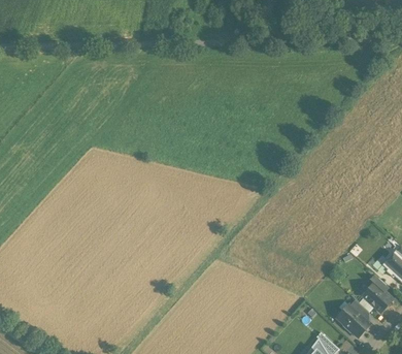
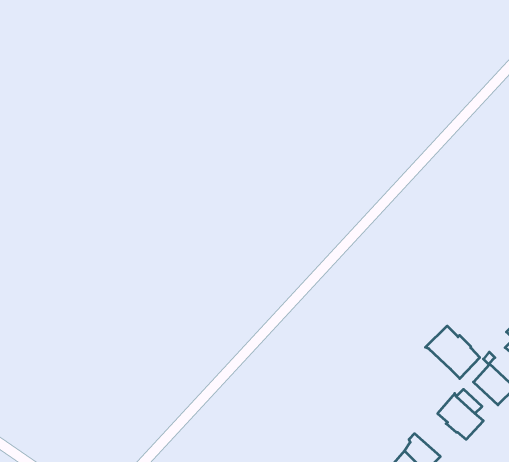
building: none -> [425,326,480,379]

